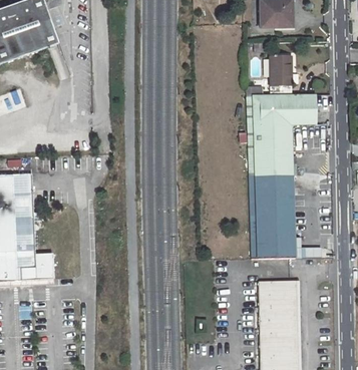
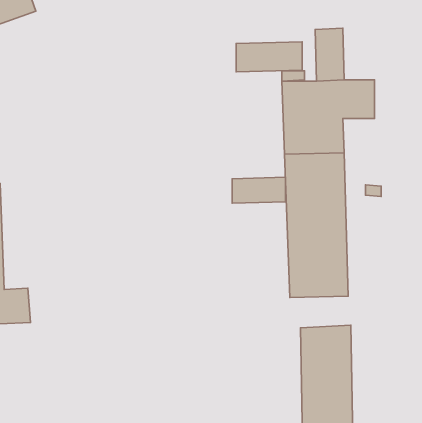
building: none -> [236,42,302,72]
building: none -> [232,177,286,203]

